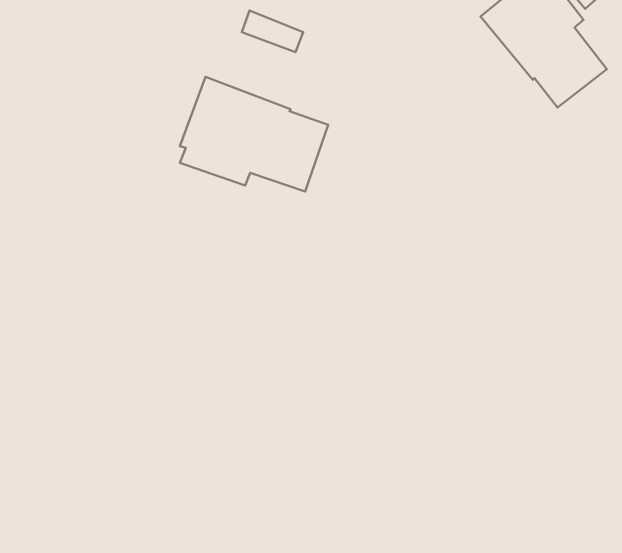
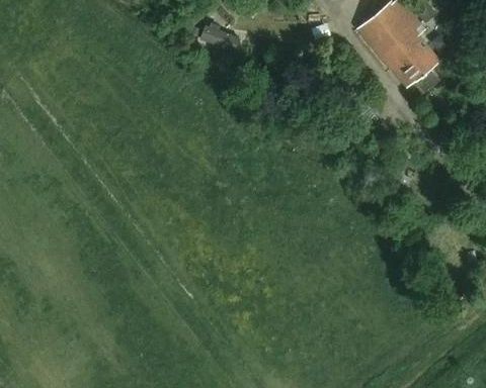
building: [180,77,328,192] -> none

